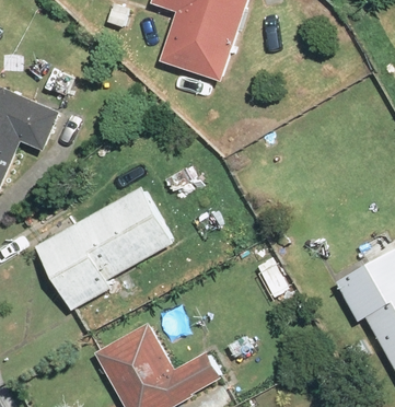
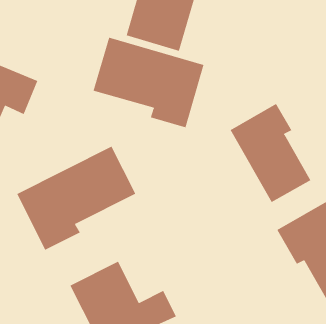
building: none -> [93,37,204,128]
building: none -> [230,103,311,203]

